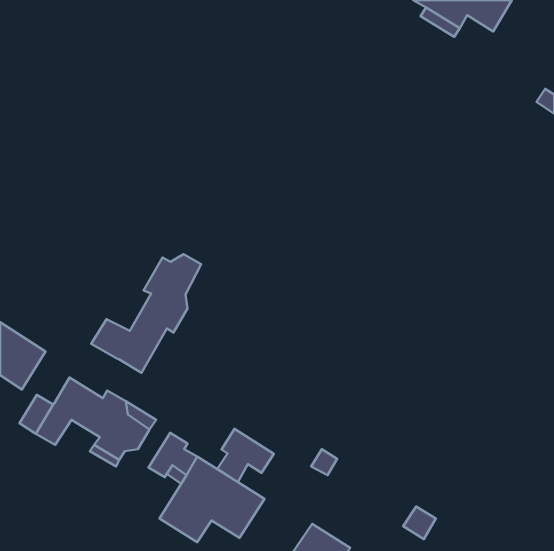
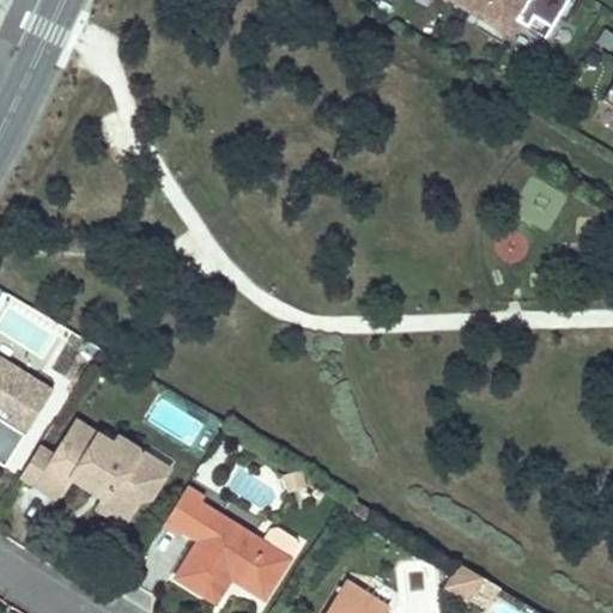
building: [91,254,201,373] -> none
building: [217,429,274,482] -> none

